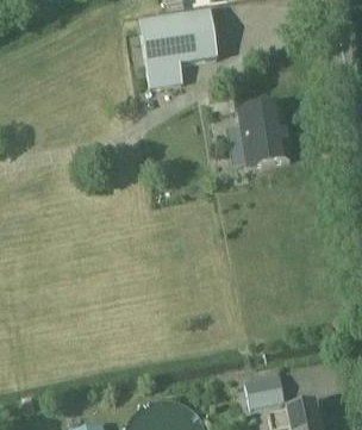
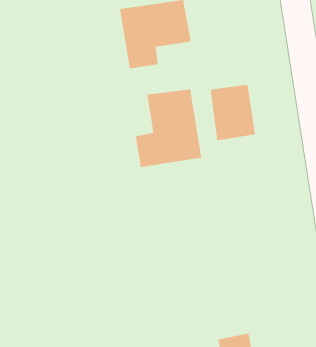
building: none -> [135,88,202,168]

